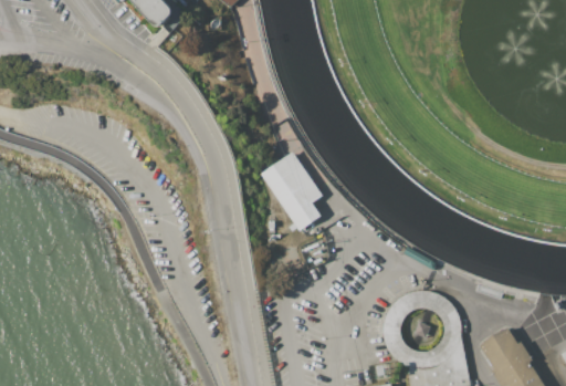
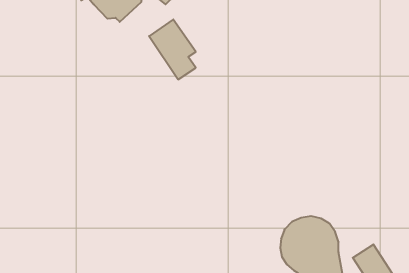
building: [260,152,322,231] -> [149,19,196,79]

